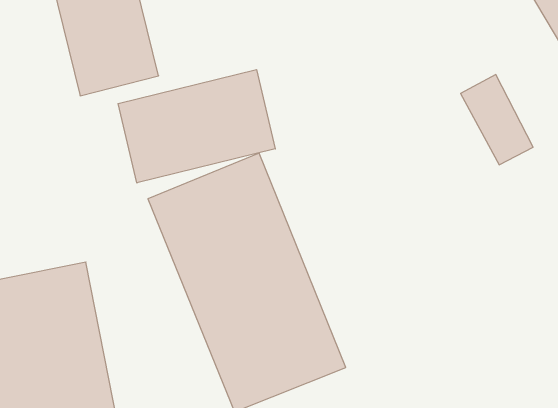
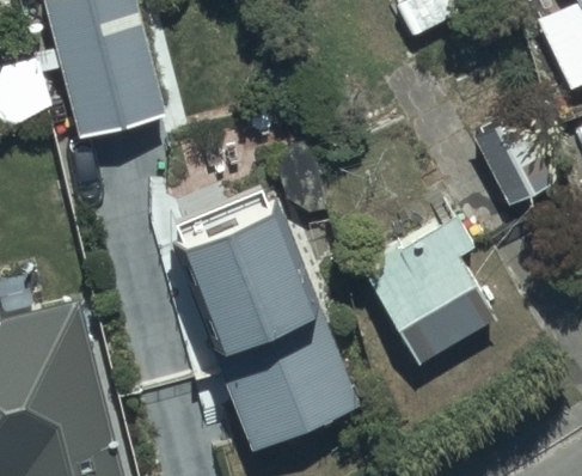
building: [118,70,275,183] -> none
building: none -> [356,205,486,365]

